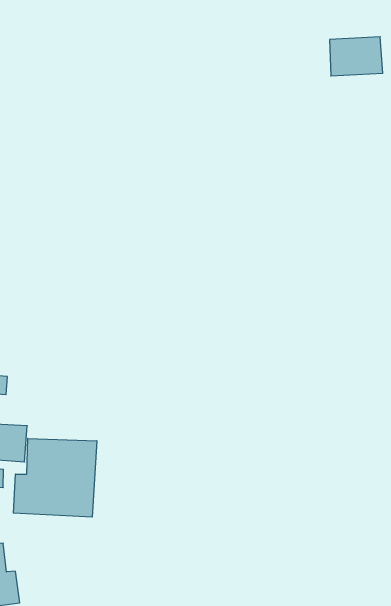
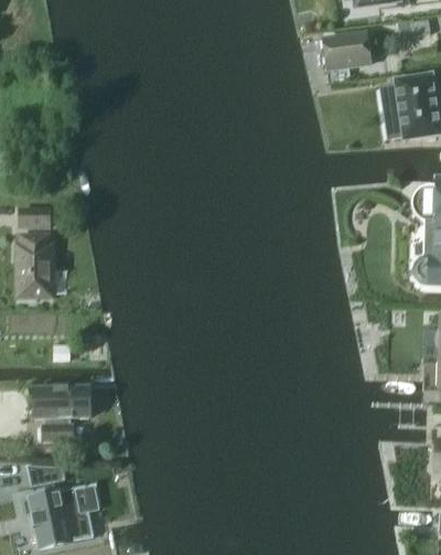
building: [13,438,97,517] -> none

